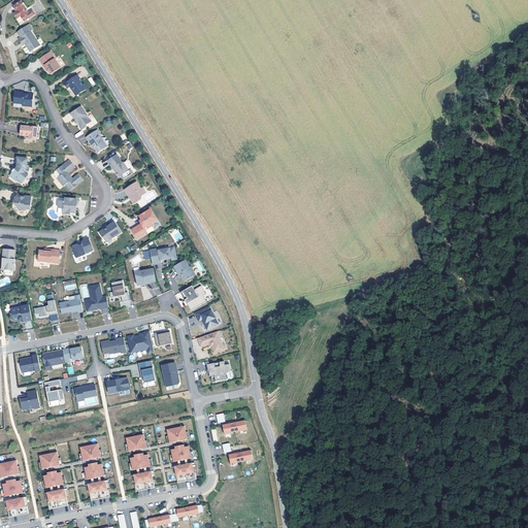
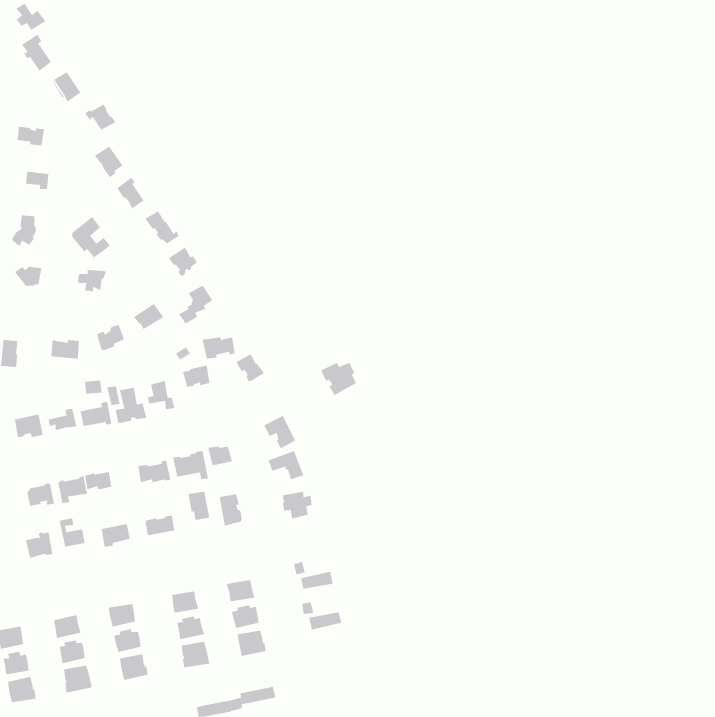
building: [179,286,206,310] -> [320,362,357,396]

